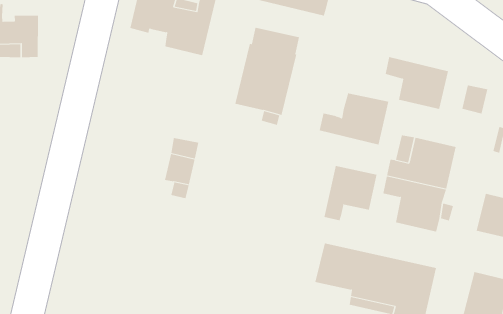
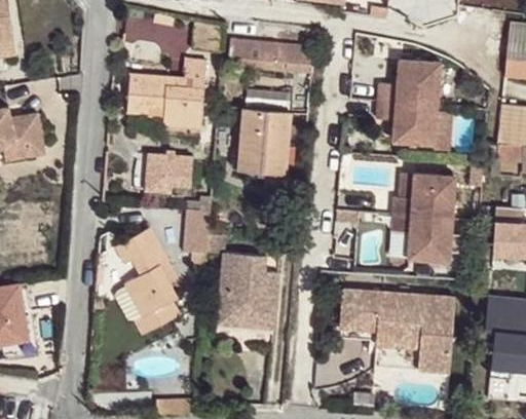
building: none -> [149,154,195,192]
building: [319,93,389,145] -> [378,61,441,106]
building: none -> [113,228,181,335]
building: [324,165,377,221] -> none
building: none -> [218,254,278,330]

